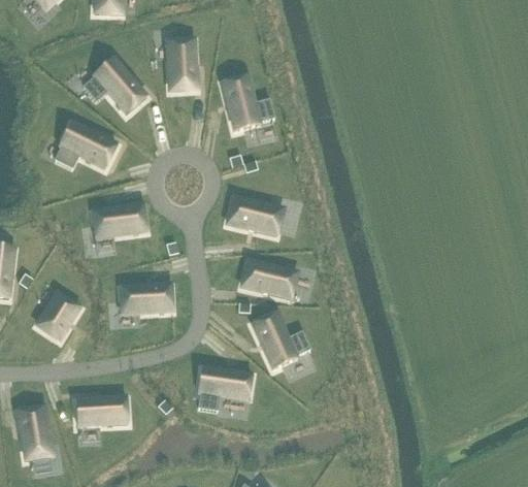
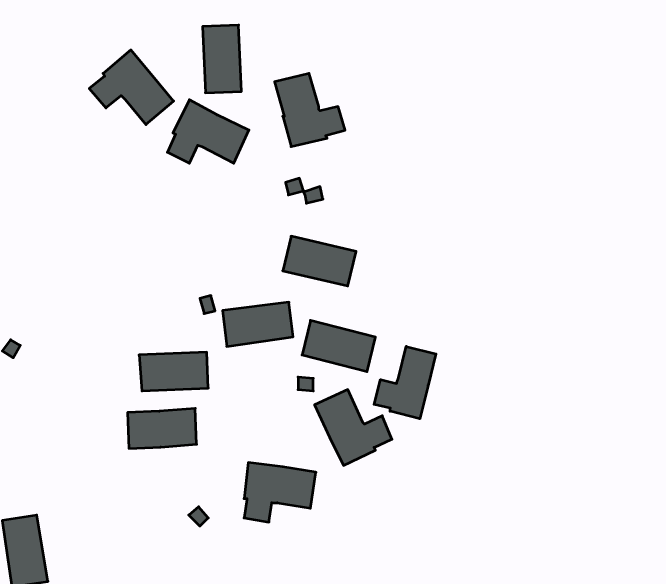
building: [55,122,116,169] -> [167,100,249,163]
building: [93,205,145,238] -> [223,302,293,346]
building: none -> [374,346,436,419]
building: [37,293,79,339] -> none
building: [75,397,127,427] -> [128,408,197,448]

